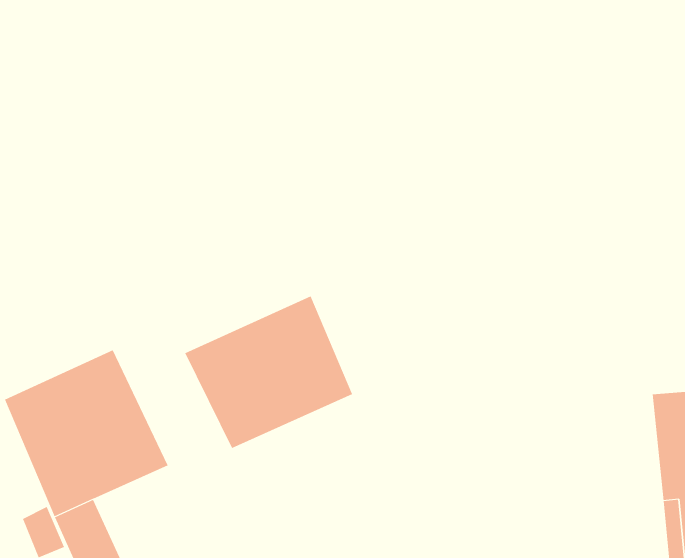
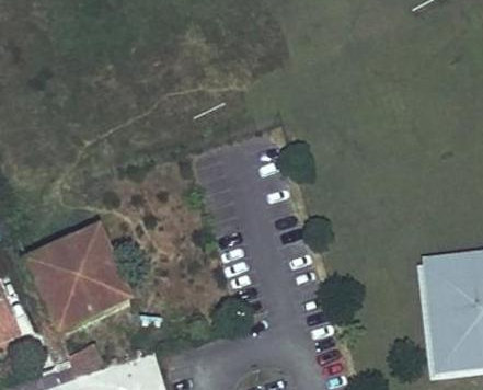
building: [184,295,353,449] -> none

